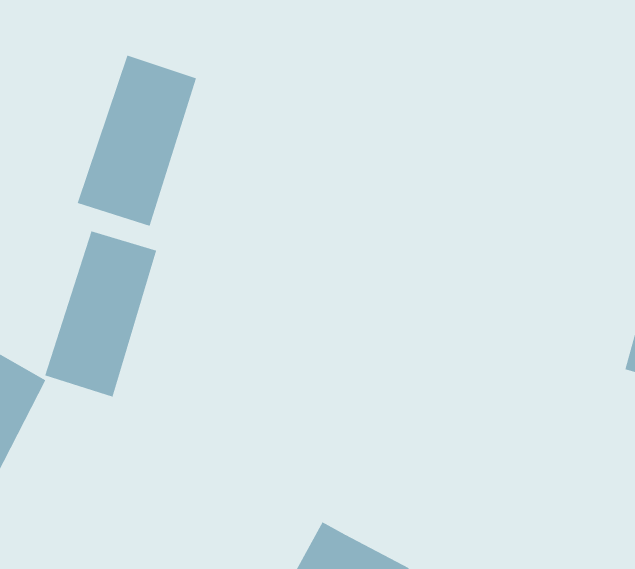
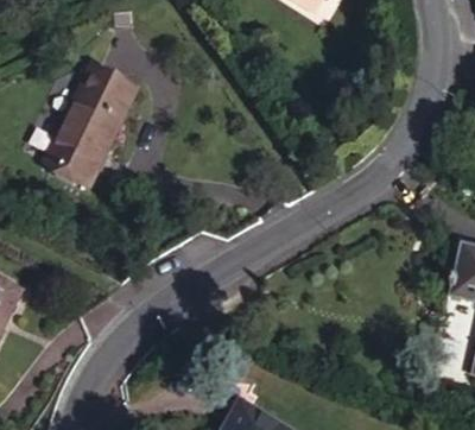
building: [45,231,157,398] -> none

